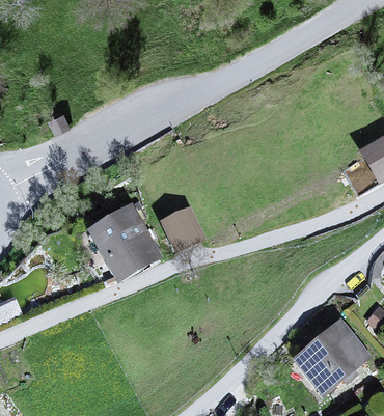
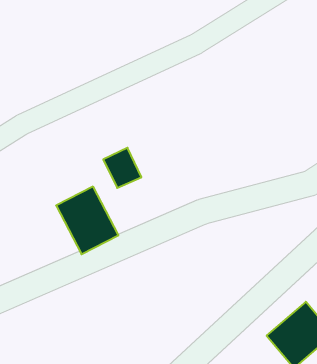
building: [167,210,204,249] -> [103,148,141,188]

